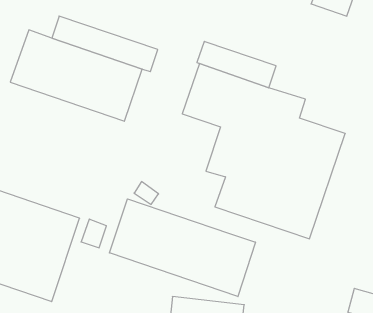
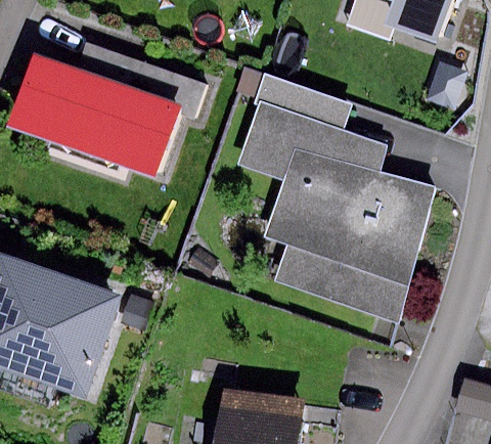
building: [109,199,255,297] -> none

